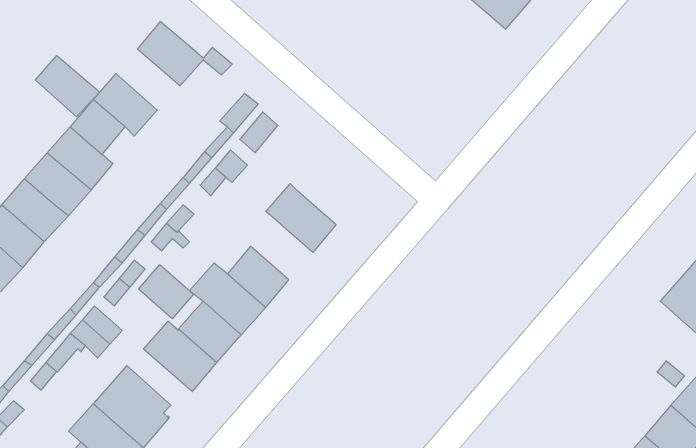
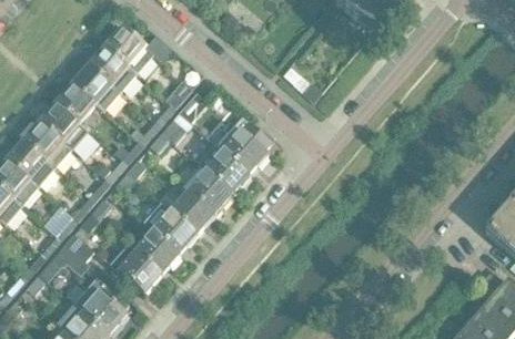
building: [35,56,99,117] -> [90,44,137,89]
building: none -> [219,115,271,172]
building: none -> [188,167,233,212]
building: [139,265,193,319] -> none

